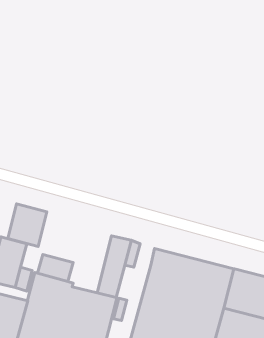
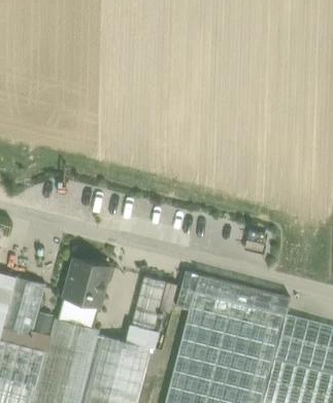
building: [8,204,47,247] -> [64,257,109,306]
building: none -> [175,270,290,313]

